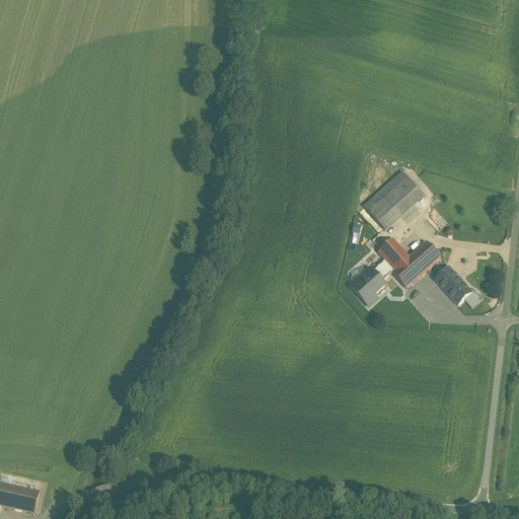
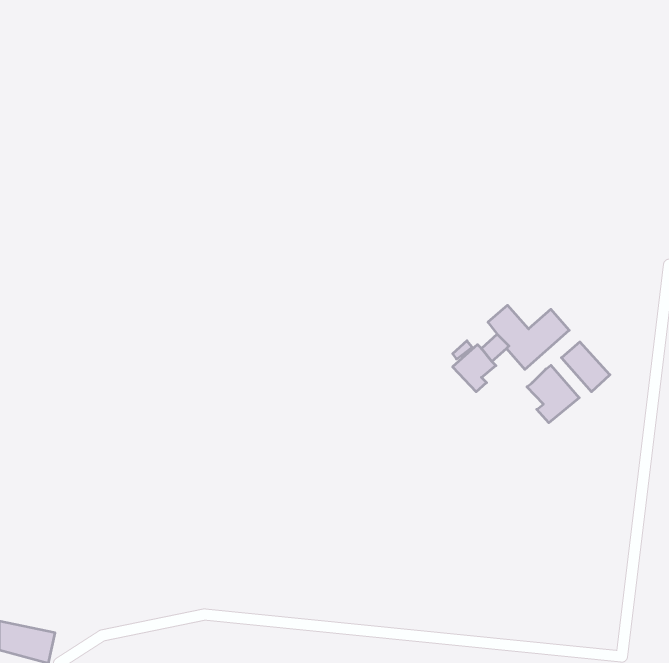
building: [363,170,423,227] -> none
building: none -> [527,365,579,423]

